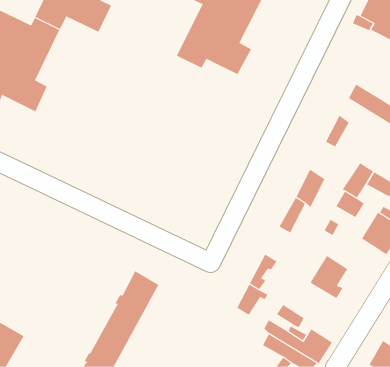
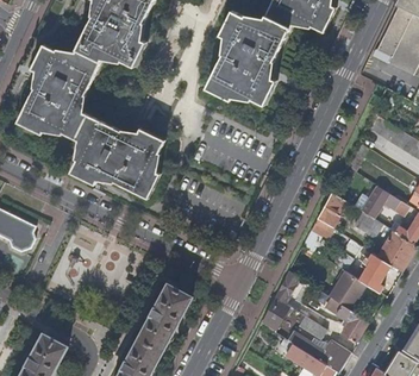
building: none -> [70,115,163,199]
building: none -> [345,252,390,293]
building: none -> [325,297,368,343]

